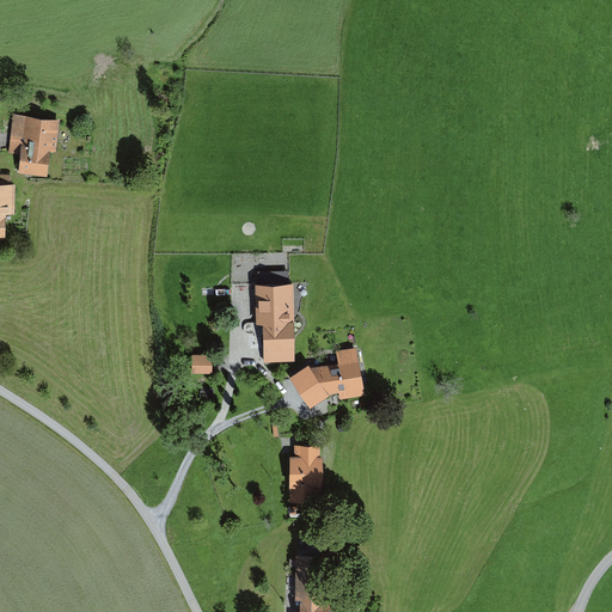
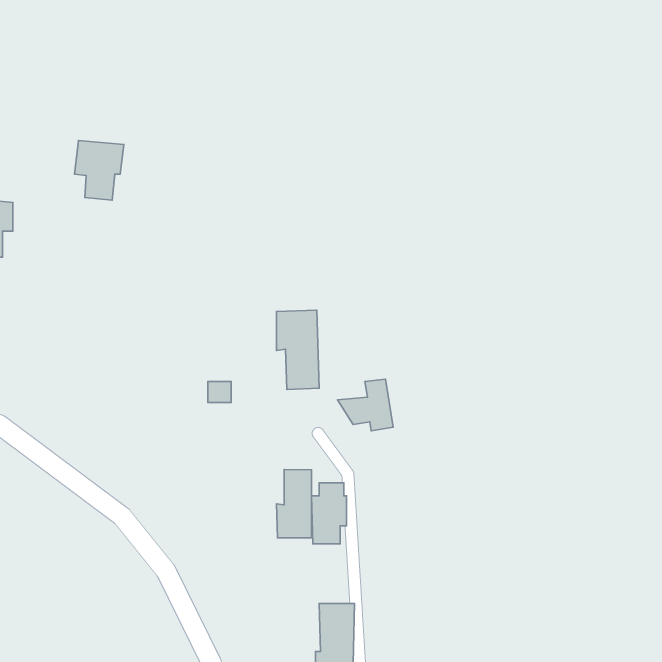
building: [11,120,56,175] -> [75,141,124,200]
building: [289,366,326,406] -> none
building: none -> [277,470,312,538]

